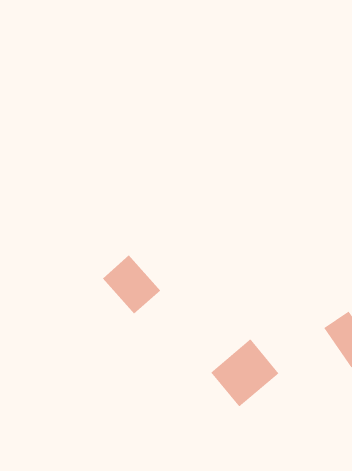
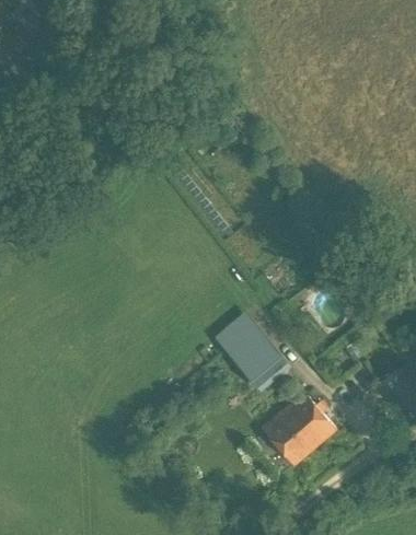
building: [102,255,161,315] -> [221,321,284,384]

